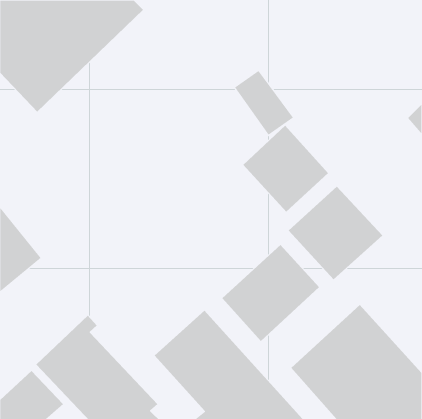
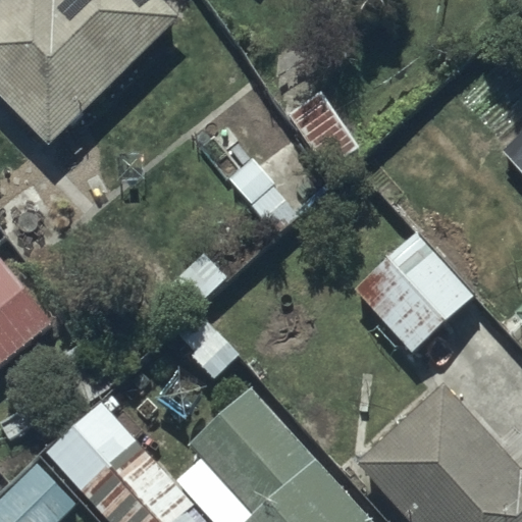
building: [243,125,329,212] -> none
building: [222,244,320,342] -> none

